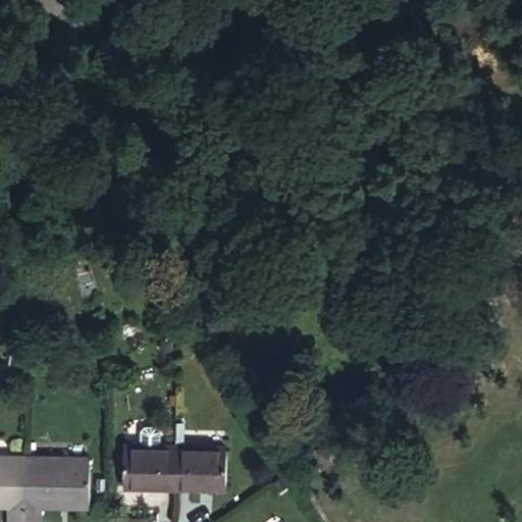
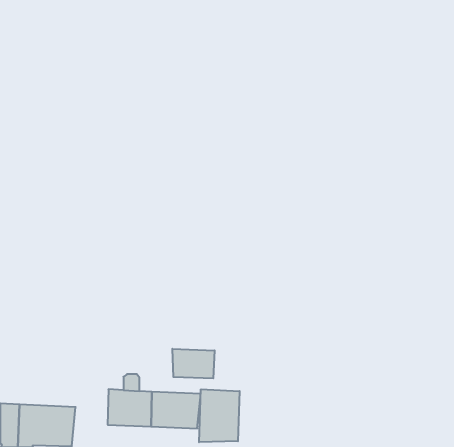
building: none -> [172,349,215,378]
building: none -> [199,389,240,442]

